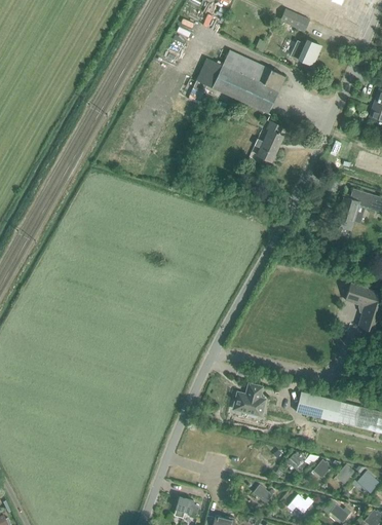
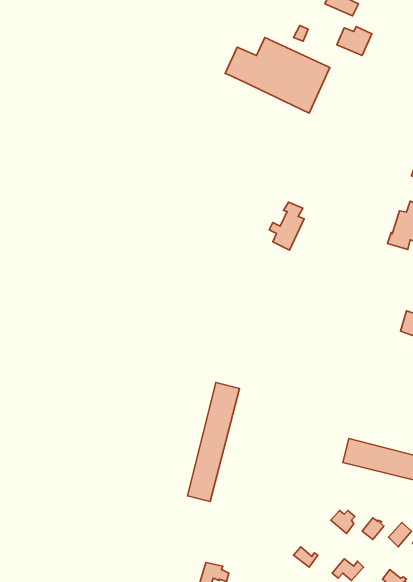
building: [254,121,283,162] -> [269,202,304,250]
building: none -> [187,382,239,501]
building: [233,384,264,417] -> none

